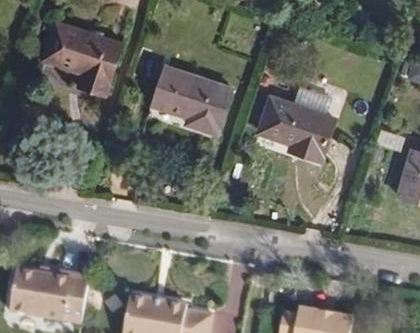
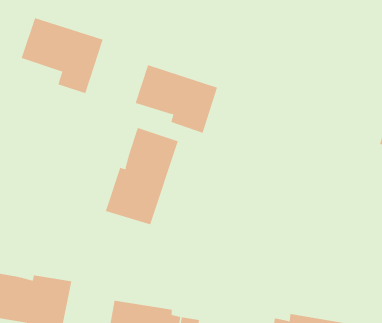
building: [256,94,331,161] -> none
building: none -> [105,127,178,225]

